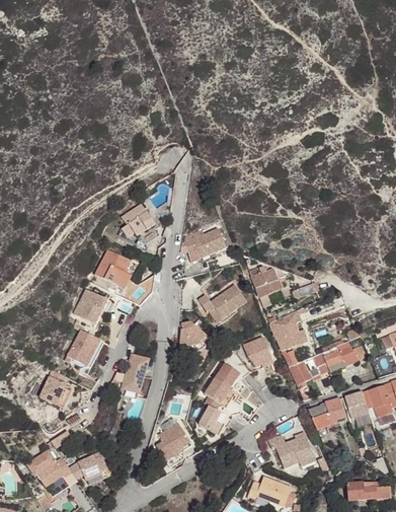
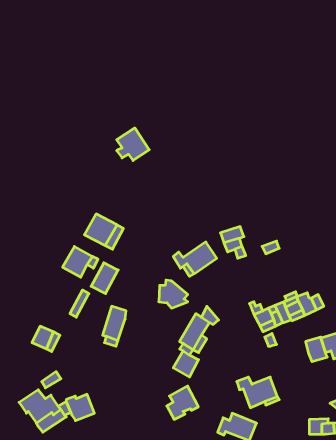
building: [120,204,156,240] -> [117,128,149,161]
building: [181,228,226,260] -> none
building: [268,309,306,348] -> none
building: [66,330,96,364] -> [91,263,118,294]
building: [241,336,271,364] -> none
building: [307,396,345,428] -> none
building: [155,423,190,460] -> [167,386,198,419]

